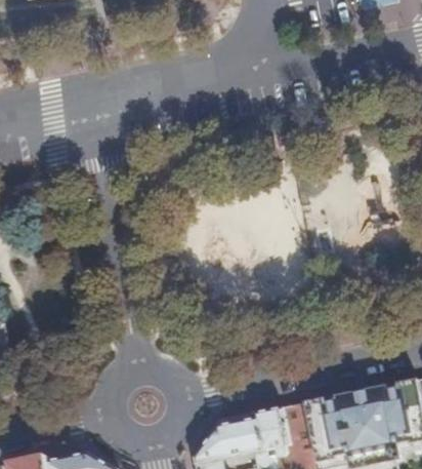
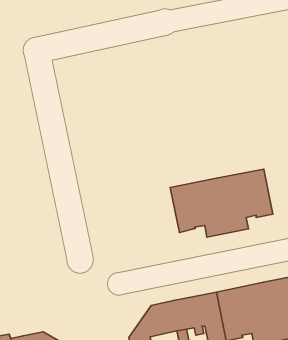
building: none -> [170,169,273,237]

